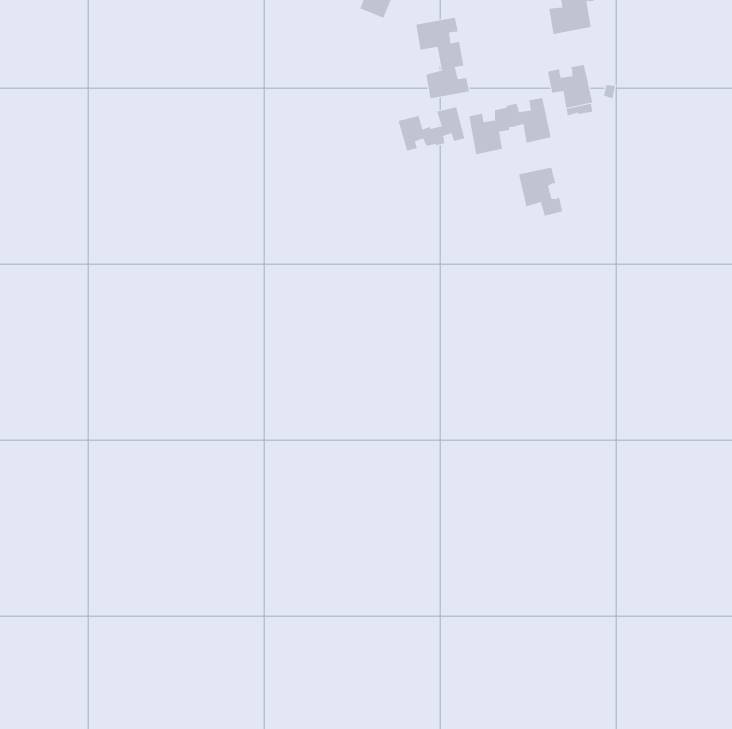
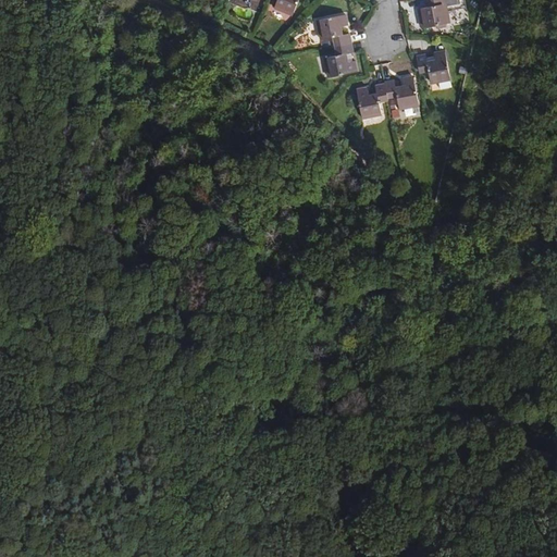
building: [398,106,465,152] -> none
building: [518,167,563,217] -> none

